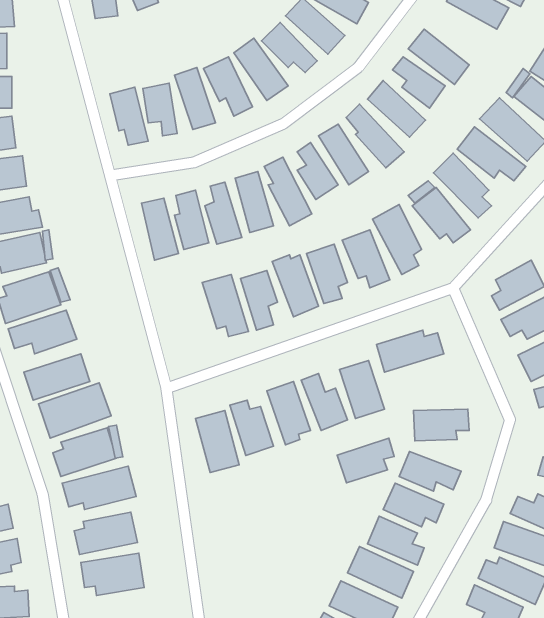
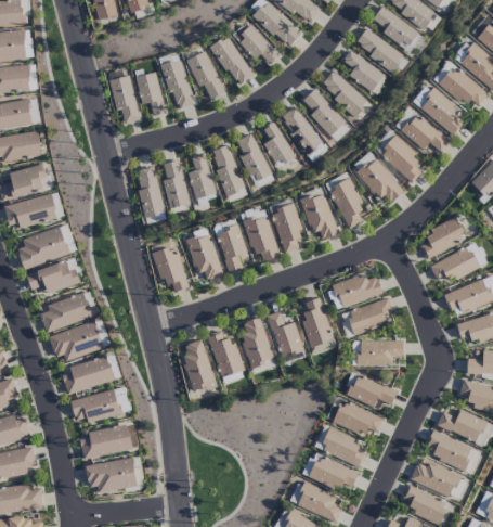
building: none -> [371,9,423,49]
building: none -> [152,241,191,293]
building: [337,438,394,483] -> [347,297,393,334]

